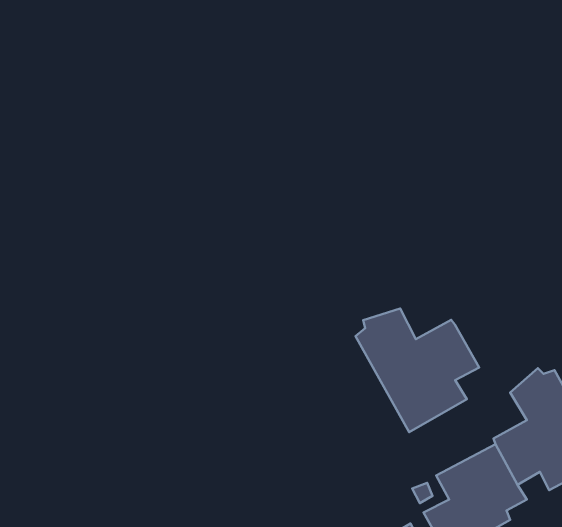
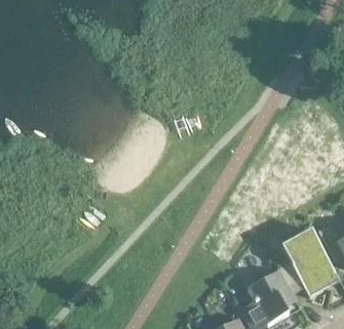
building: [356,309,479,432] -> none

